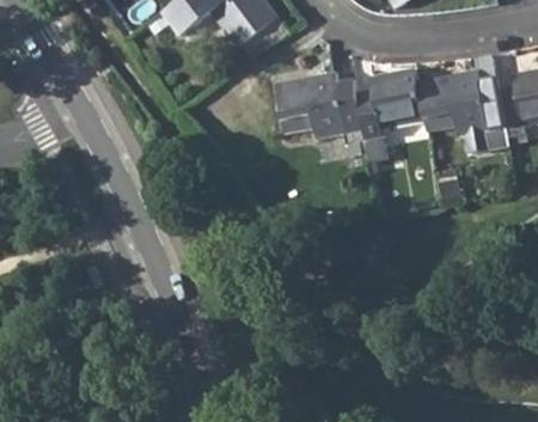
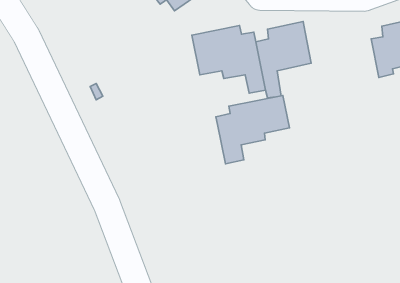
building: [417,68,509,151] -> none
building: none -> [216,96,290,164]

